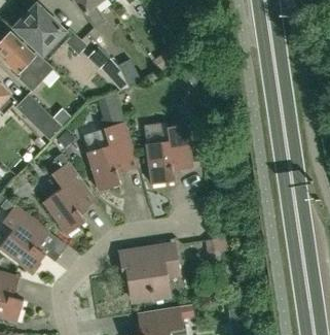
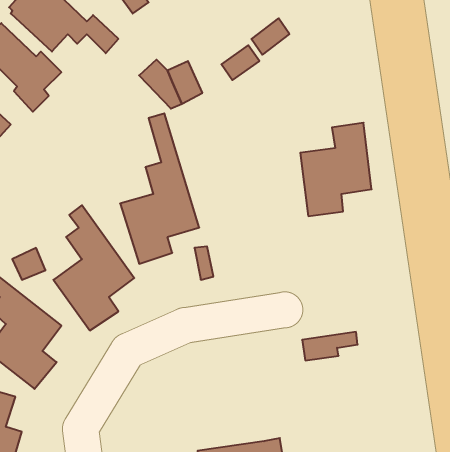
building: [15,94,62,139] -> none
building: [146,123,192,183] -> [300,123,372,216]
building: [120,244,178,299] -> none

